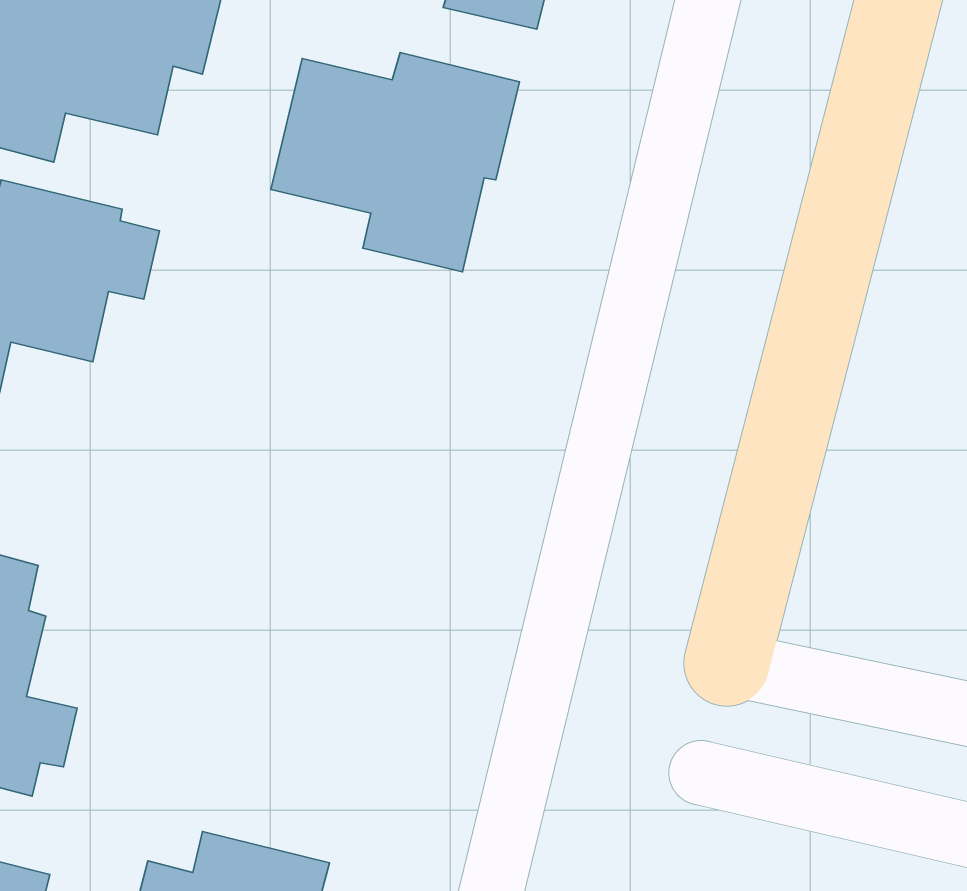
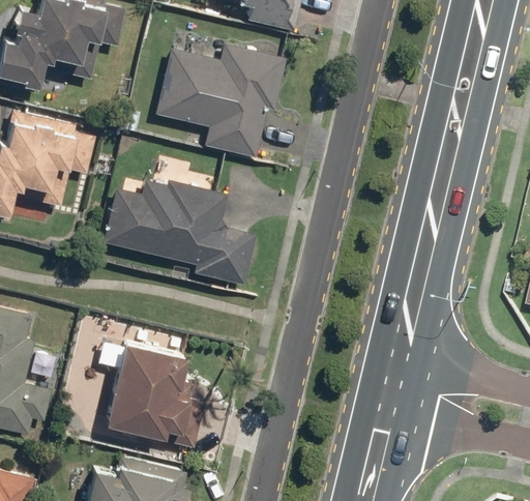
building: none -> [101,180,255,285]
building: none -> [95,338,204,448]

